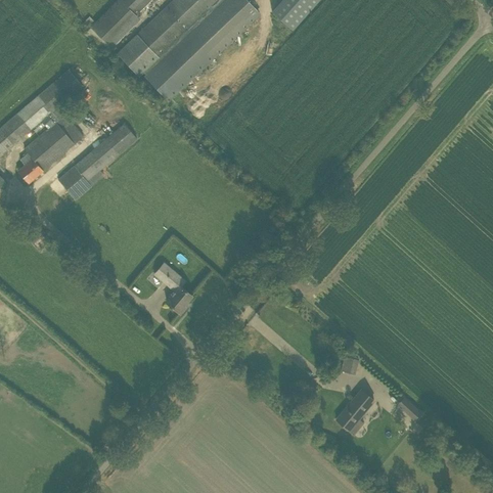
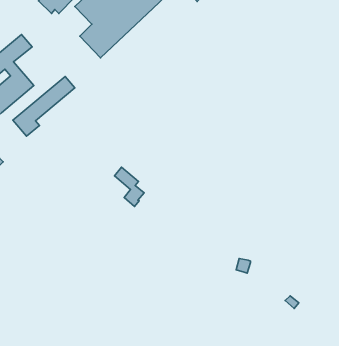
building: [118,35,158,76] -> none
building: [154,262,192,312] -> [114,167,144,207]
building: [337,389,374,433] -> none

